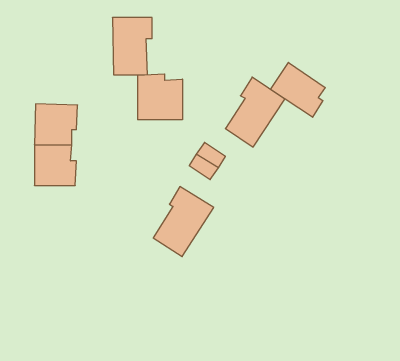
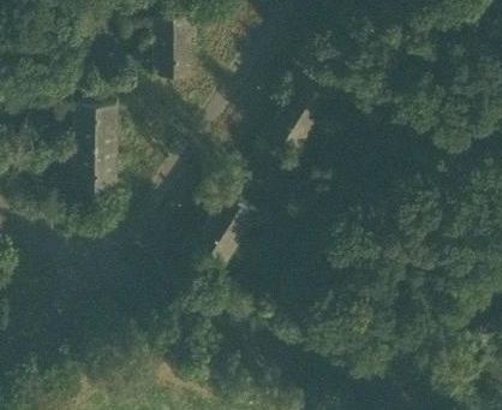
building: [271,62,325,117] -> none
building: [138,74,182,120] -> none

